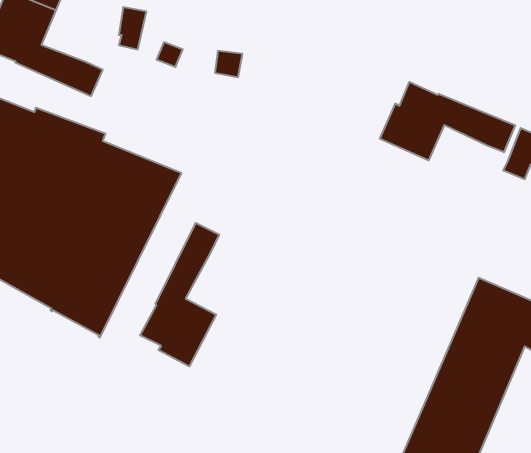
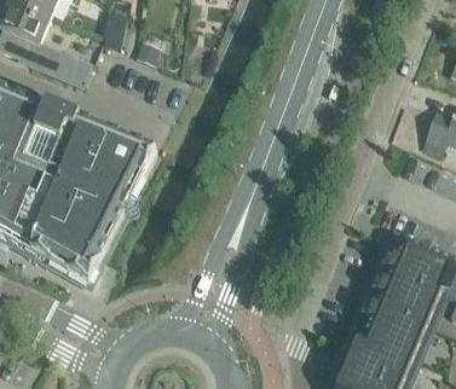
building: [380,82,515,160] -> none
building: [140,223,219,366] -> none

